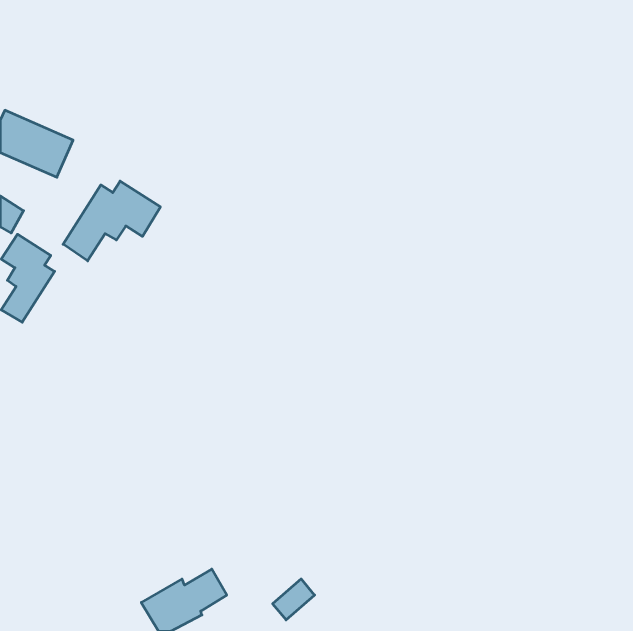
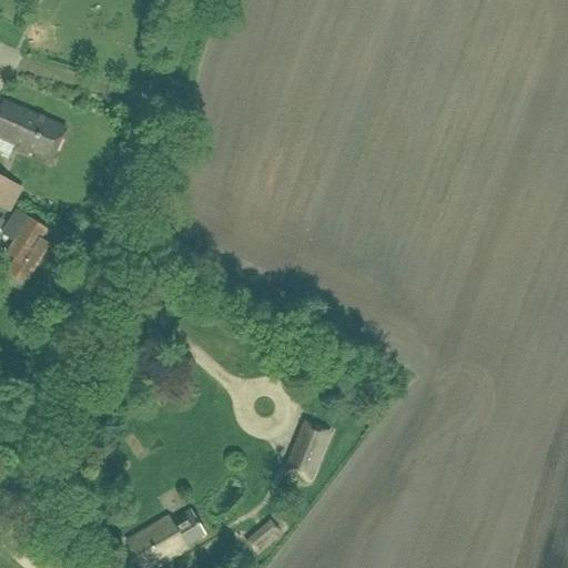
building: [63,181,160,261] -> none
building: none -> [284,420,328,479]

